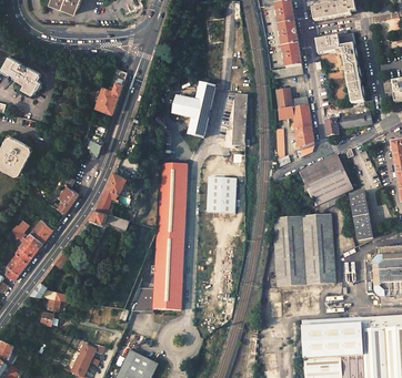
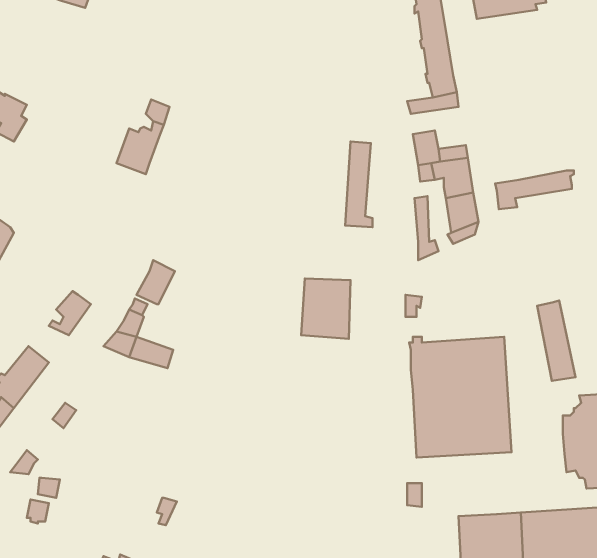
building: [314,33,362,103] -> none
building: [172,82,214,137] -> none
building: [298,154,351,208] -> none
building: [152,163,189,310] -> none

